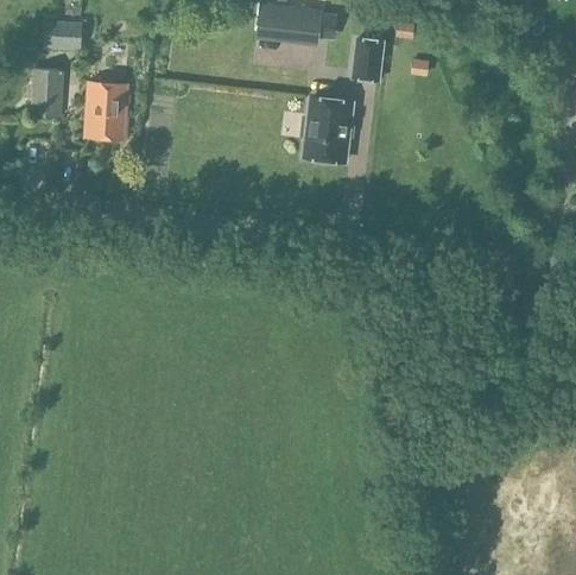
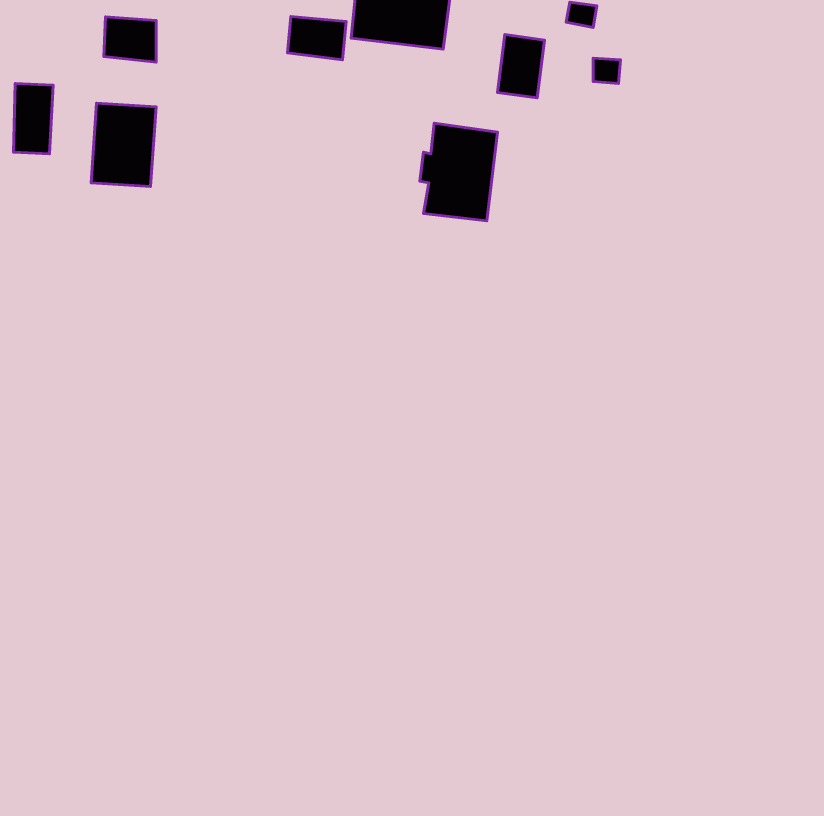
building: [46,19,81,49] -> [104,17,156,62]
building: none -> [287,16,346,60]

